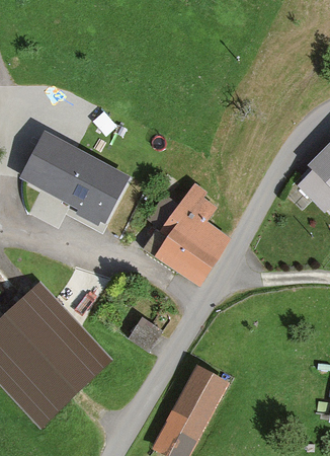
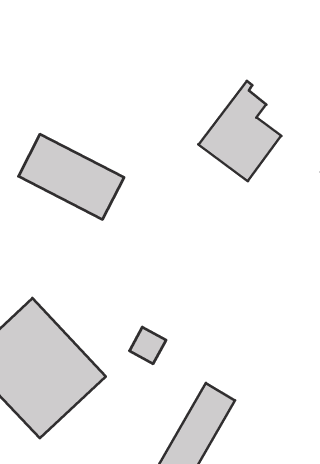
building: [151,186,229,281] -> [198,81,281,181]

